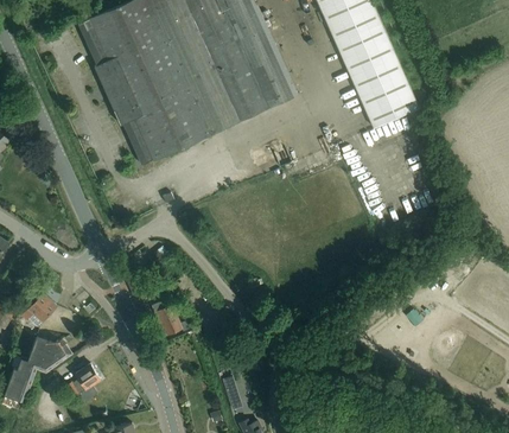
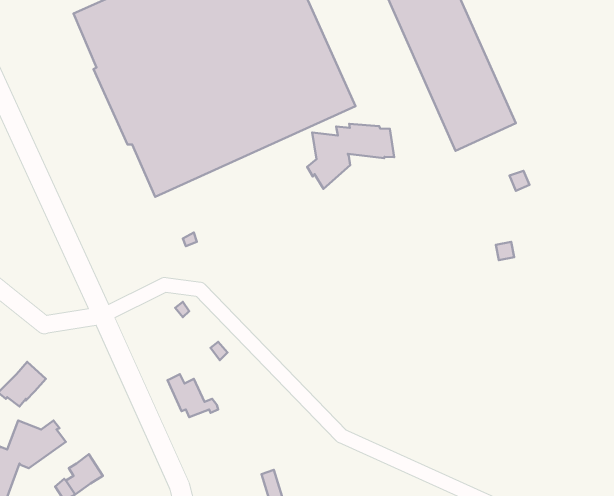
building: none -> [307,124,394,189]

